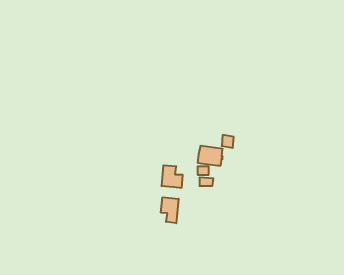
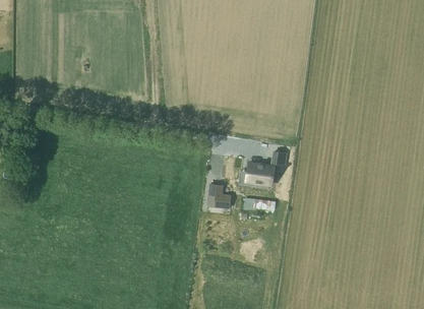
building: [161,197,179,223] -> none

